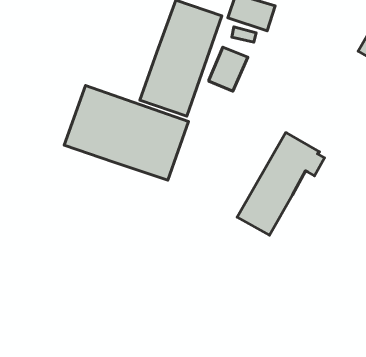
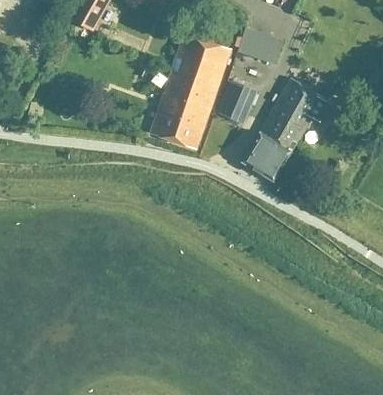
building: [64,85,188,180] -> none
building: [237,133,325,235] -> [242,78,329,180]

